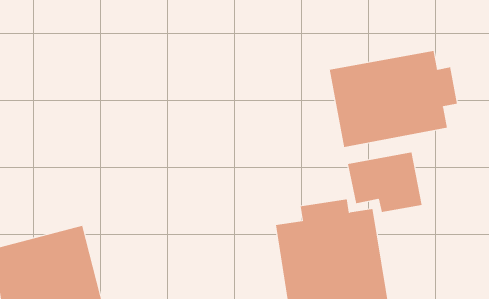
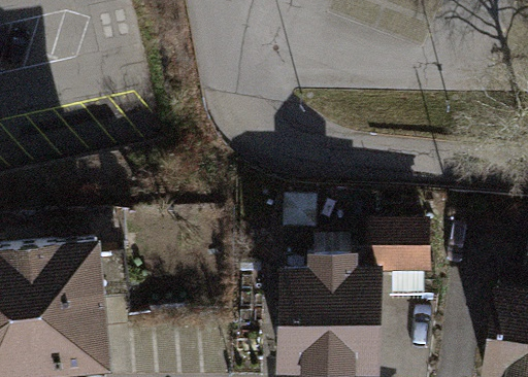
building: [329,50,457,148] -> none

